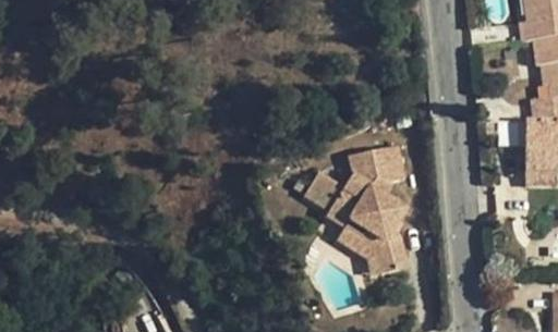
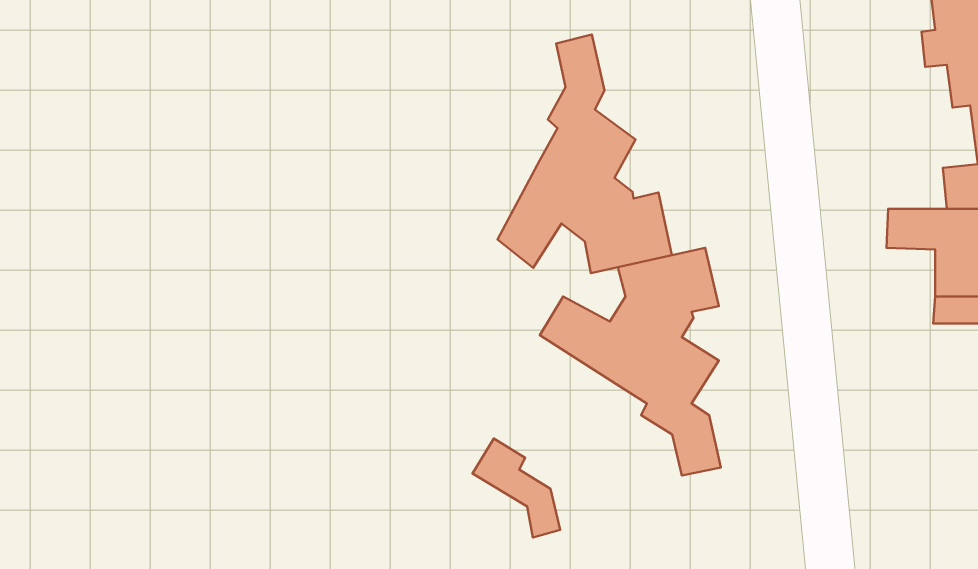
building: none -> [497,35,672,273]
building: [335,220,384,275] -> [473,438,560,538]

